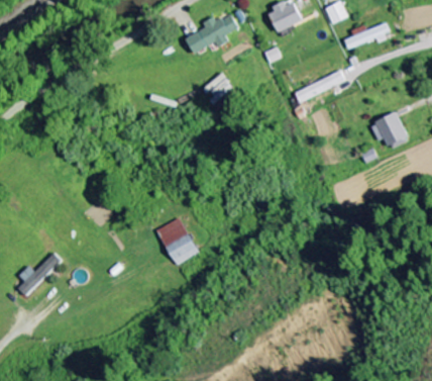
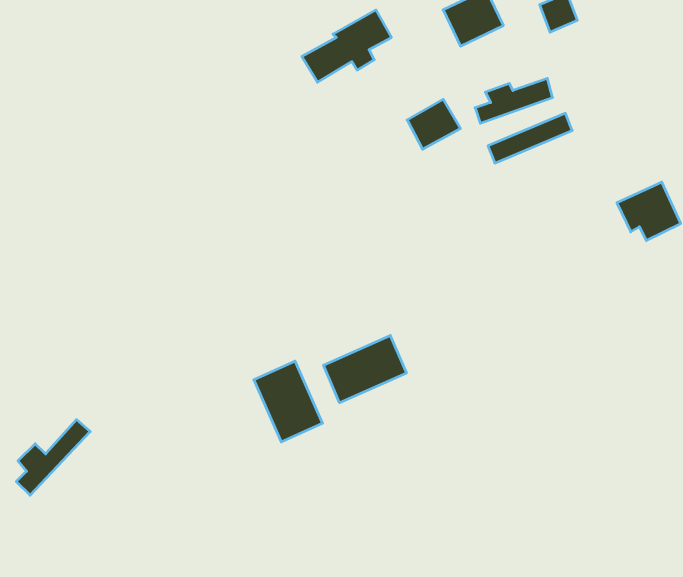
building: [344,22,390,49] -> [475,78,553,123]
building: [203,74,234,103] -> [407,99,460,149]
building: none -> [324,335,406,403]

